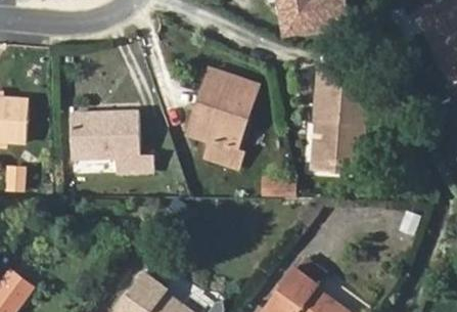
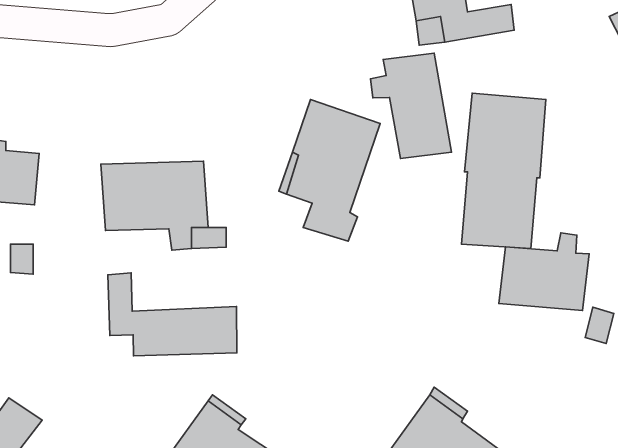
building: none -> [370,53,451,159]
building: none -> [499,233,589,310]
building: none -> [108,273,237,356]

